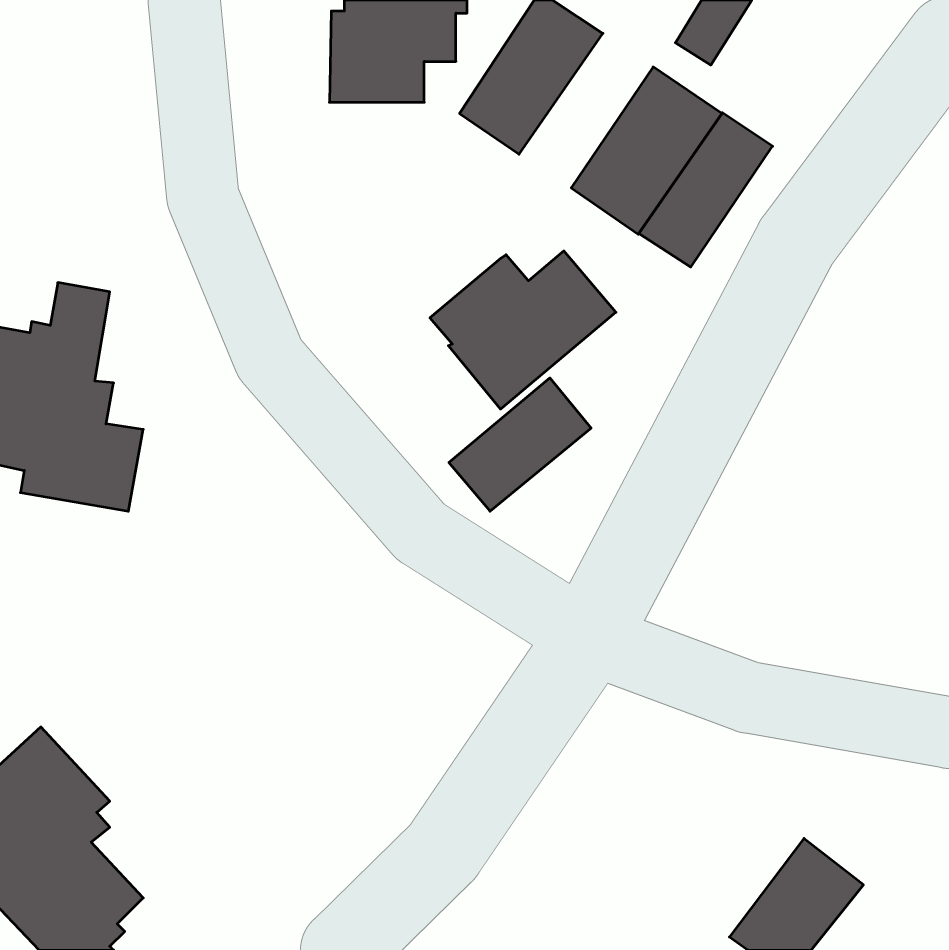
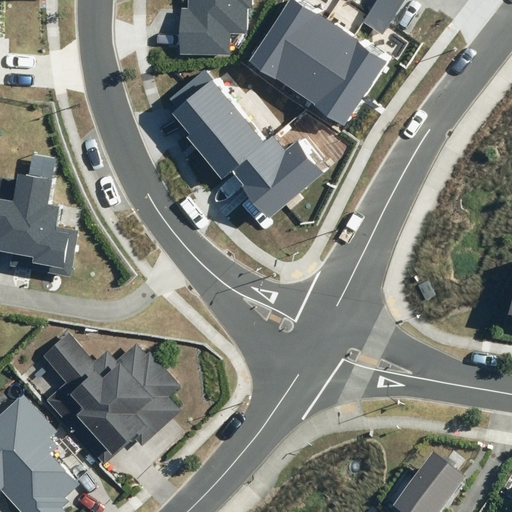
building: [639,113,773,267] -> [279,18,351,101]
building: none -> [167,67,269,179]
building: [449,378,591,511] -> none
building: none -> [39,331,182,462]

